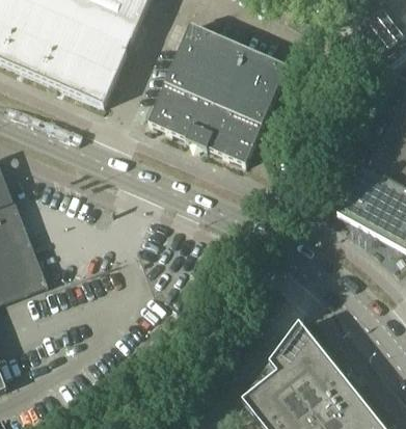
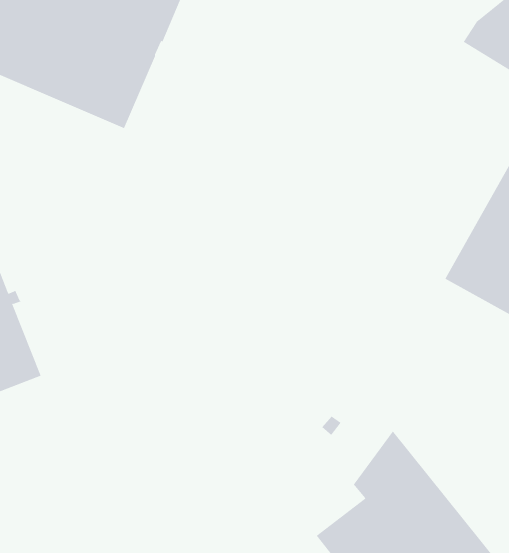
building: [148,23,288,162] -> none

